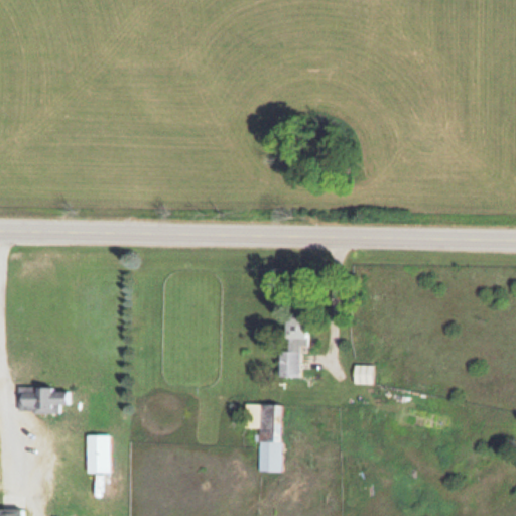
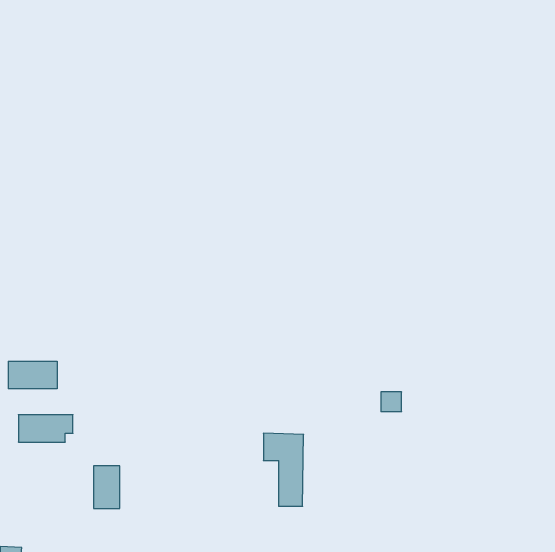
building: [279,317,304,379] -> none
building: none -> [8,361,57,389]

